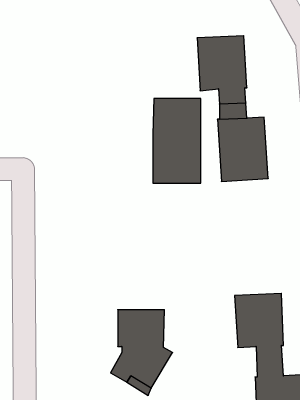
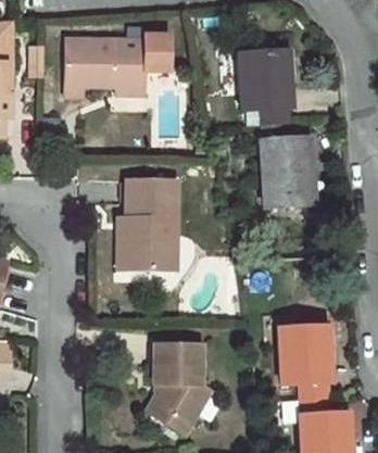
building: none -> [65,34,171,96]
building: [153,99,201,183] -> [126,179,177,269]

